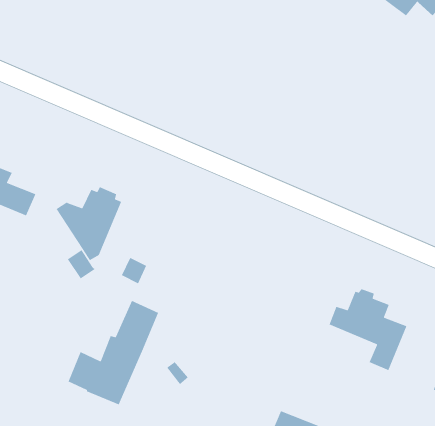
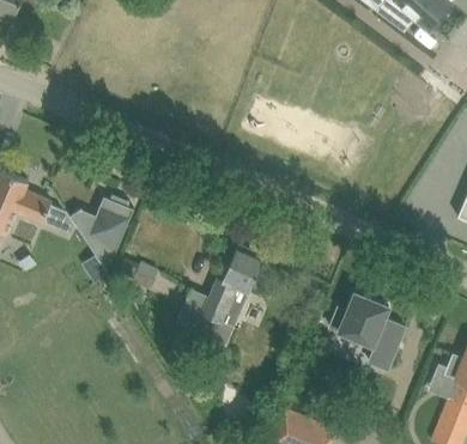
building: [67,300,159,406] -> [176,244,263,345]

